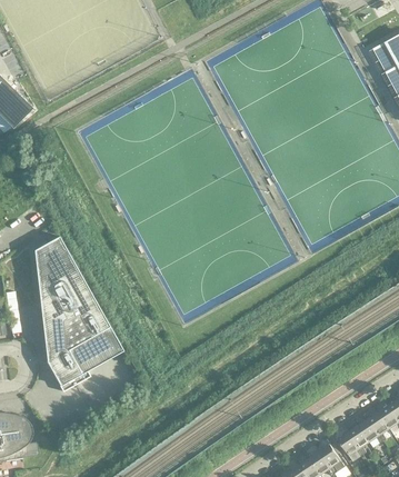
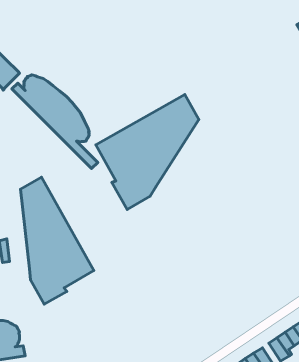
building: none -> [12,75,98,169]
building: none -> [96,95,199,209]

